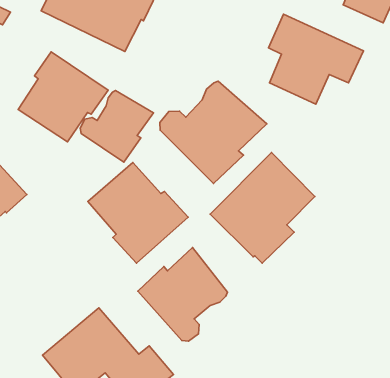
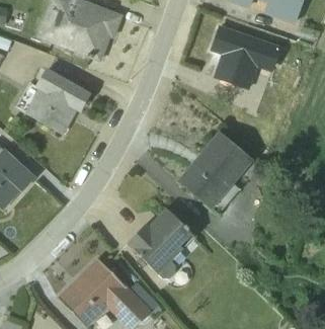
building: [160,81,267,184] -> none
building: [80,90,154,162] -> none
building: [88,163,188,263] -> none

